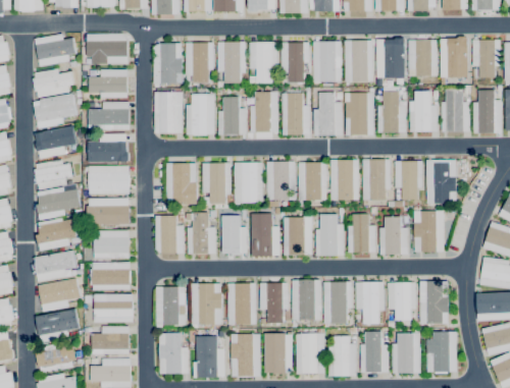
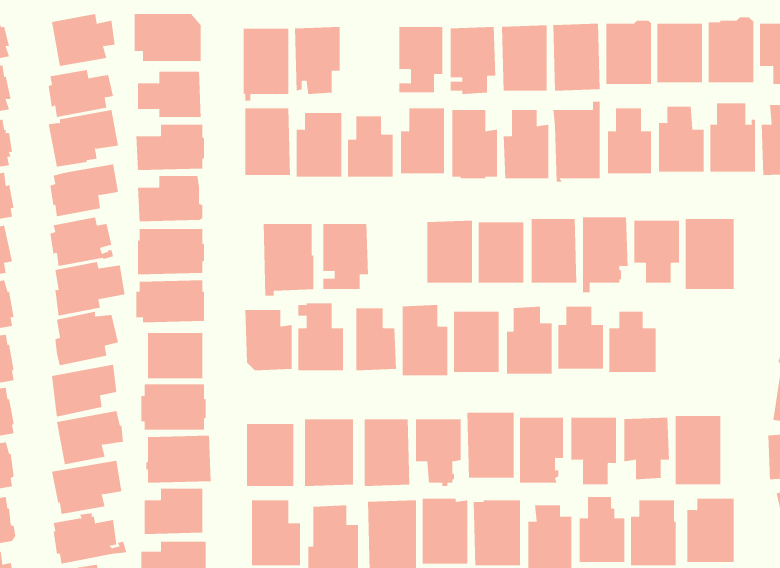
building: [216,42,245,84] -> none
building: [234,162,262,203] -> none
building: [413,206,444,252] -> none

